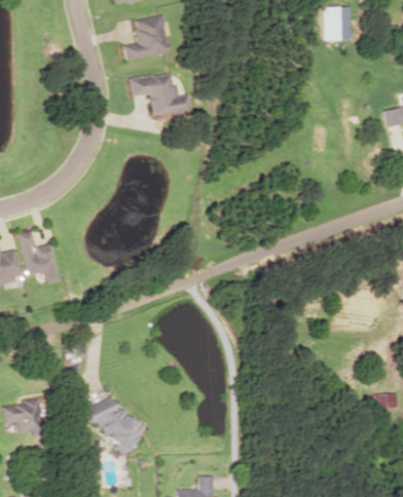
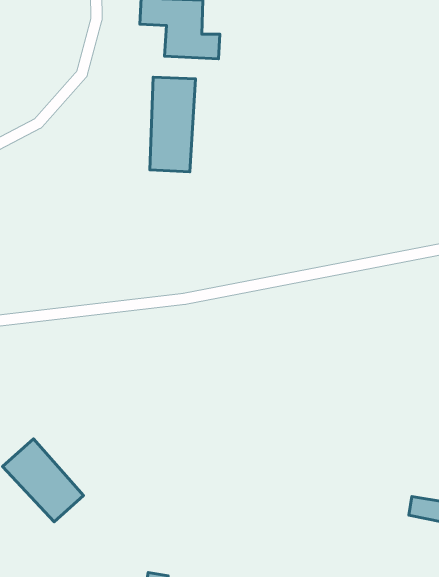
building: none -> [150,77,195,172]

